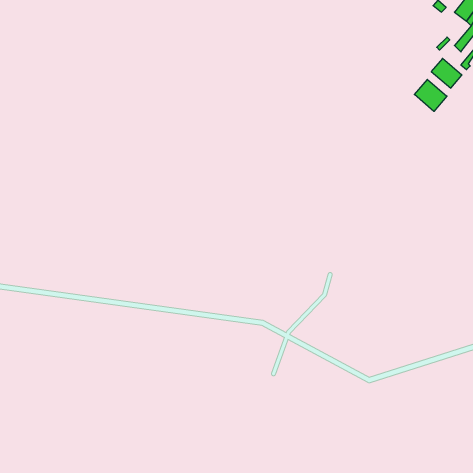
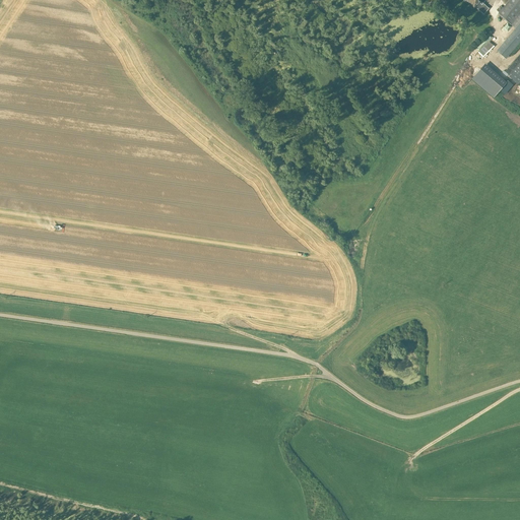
building: [414,79,447,111] -> none

